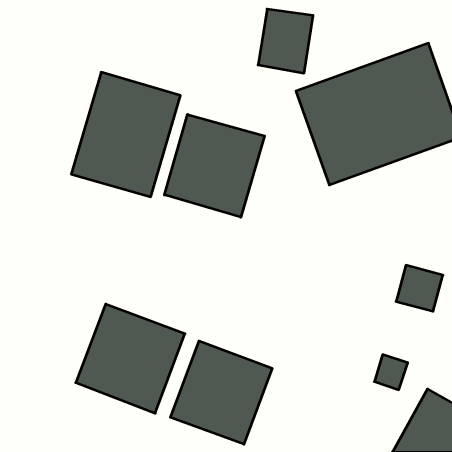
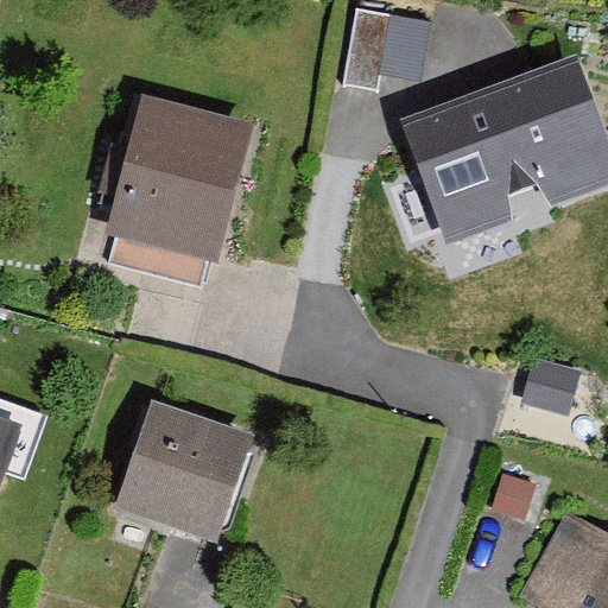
building: [164,114,265,217] -> none
building: [170,341,272,444] -> none

